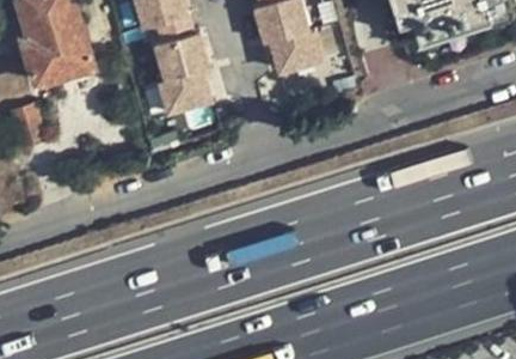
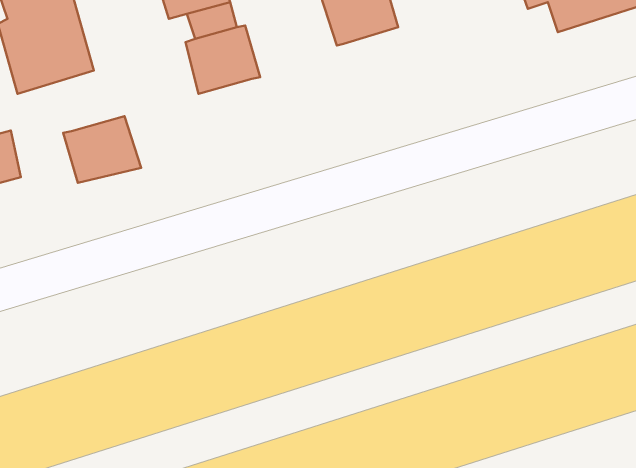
building: [268,32,325,75] -> none
building: [158,71,214,118] -> [63,116,141,183]

